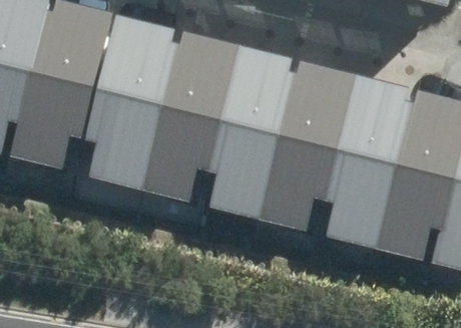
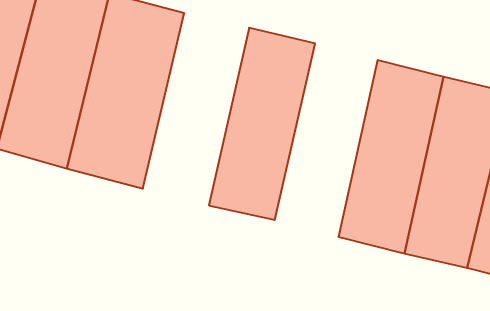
building: [137,35,233,208] -> none
building: [256,62,348,236] -> none

